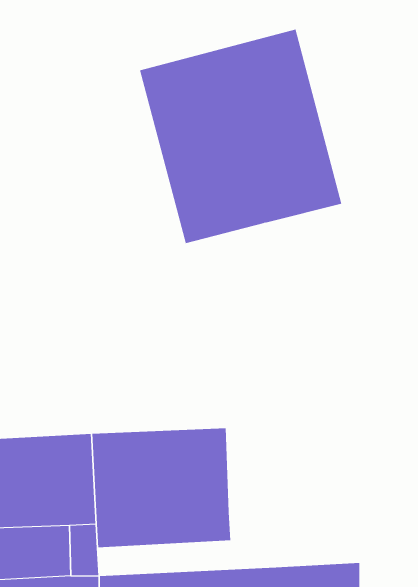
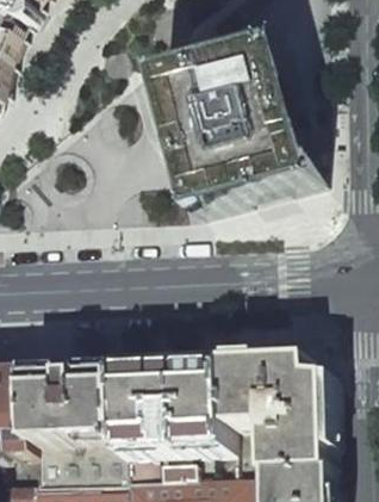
building: none -> [218,355,325,471]

